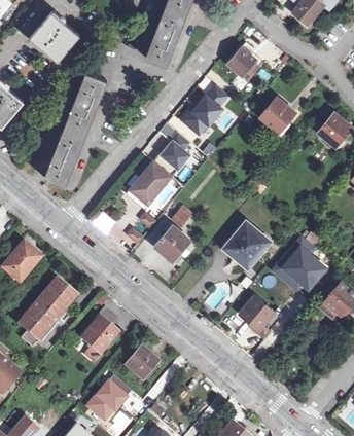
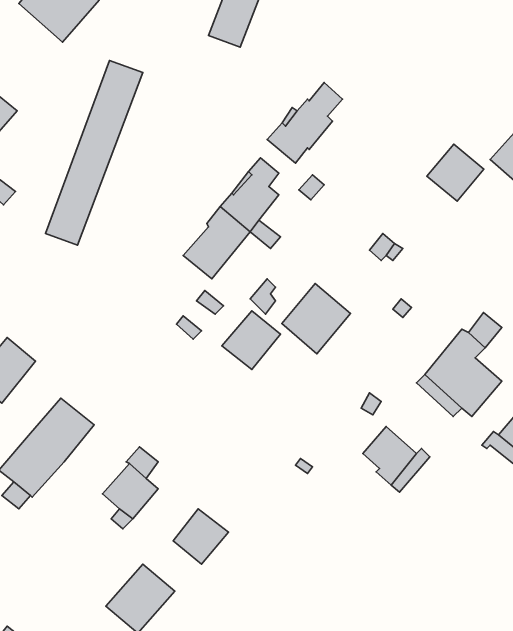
building: [228,47,262,79] -> none
building: [260,97,295,132] -> [427,144,484,201]
building: [226,222,269,265] -> [282,283,350,354]

